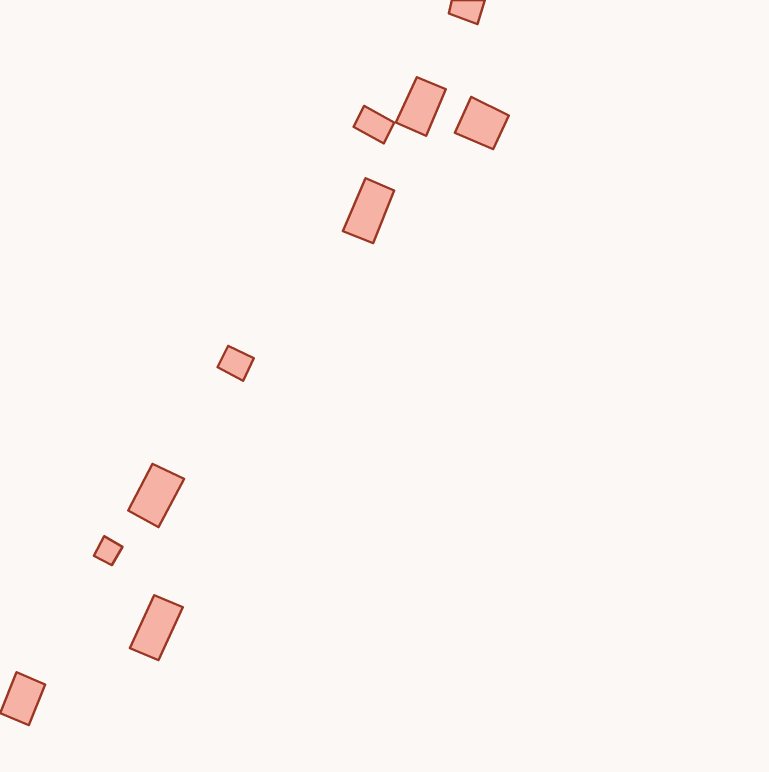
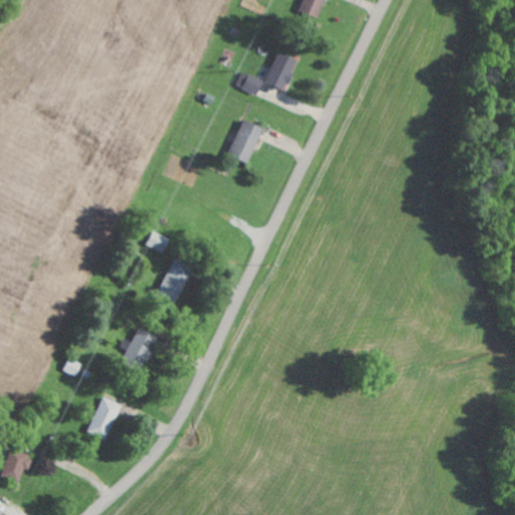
building: [455,97,509,149] -> none
building: none -> [157,258,192,302]
building: [128,464,184,527] -> [122,328,159,370]

